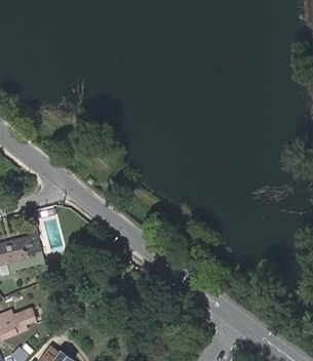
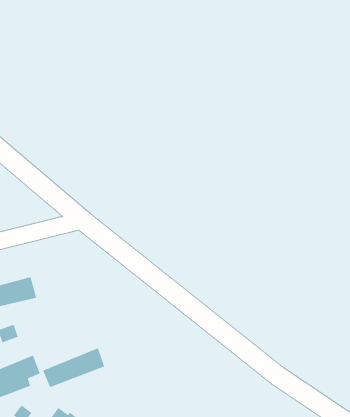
building: none -> [42,347,105,388]

